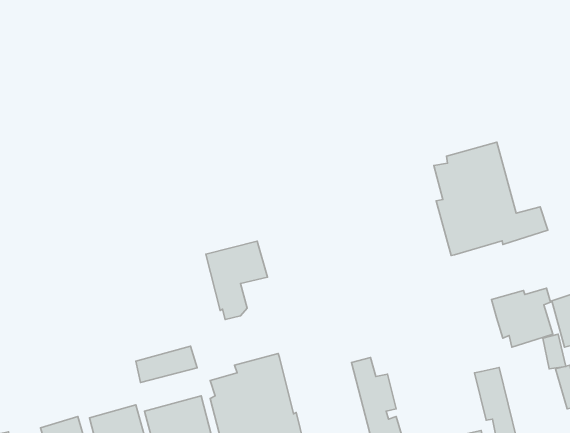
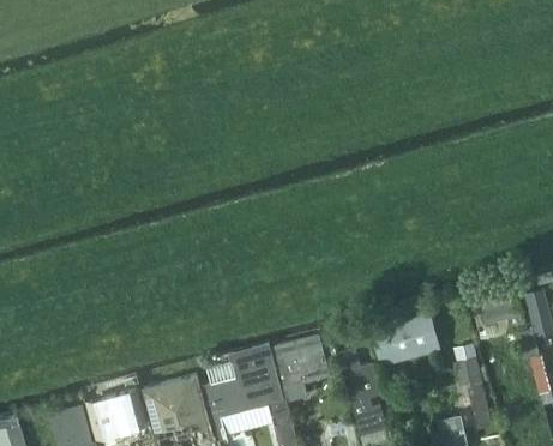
building: [434,142,548,256] -> none
building: [206,241,268,320] -> [270,336,327,409]
building: none -> [369,312,441,368]
building: [136,346,197,383] -> none

